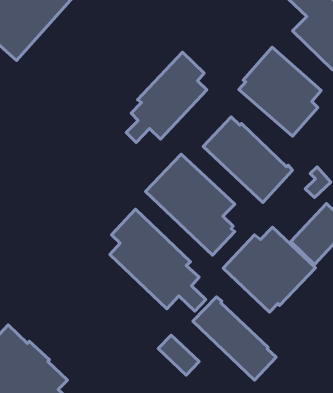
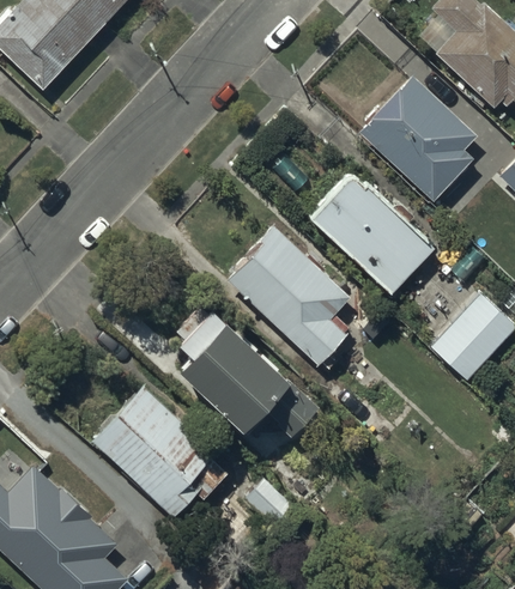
building: [126,52,207,142] -> none
building: [223,227,315,312] -> none
building: none -> [90,383,224,515]
building: [193,297,276,380] -> none

